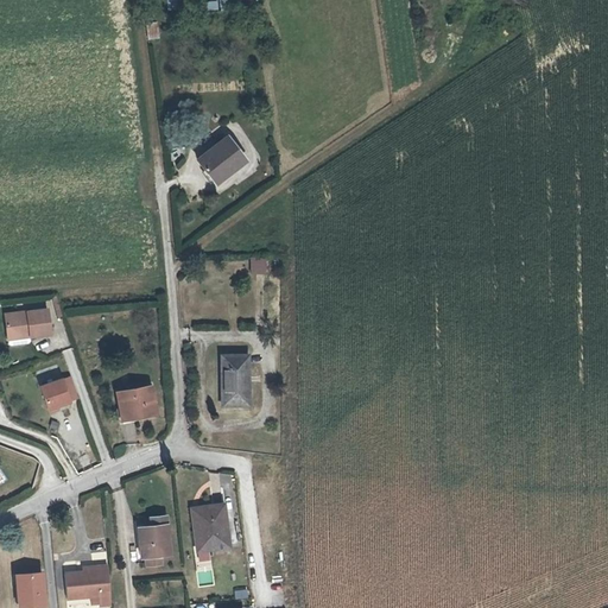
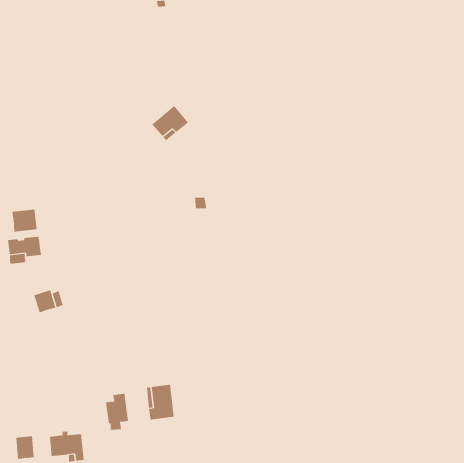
building: none -> [12,209,37,232]
building: [220,357,247,407] -> none
building: [116,386,156,418] -> none

